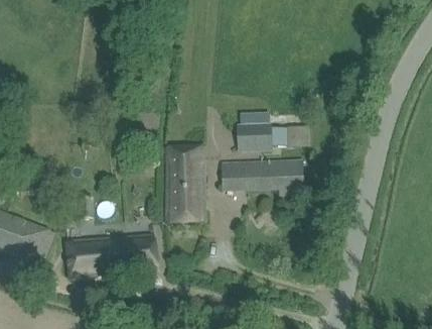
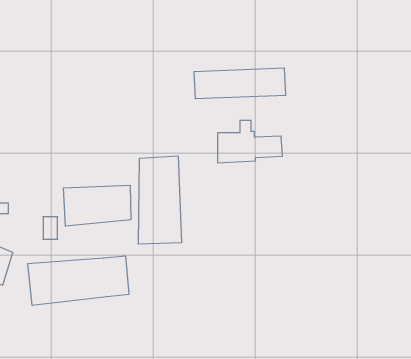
building: [221,161,303,189] -> [194,68,286,99]
building: none -> [63,185,131,226]

